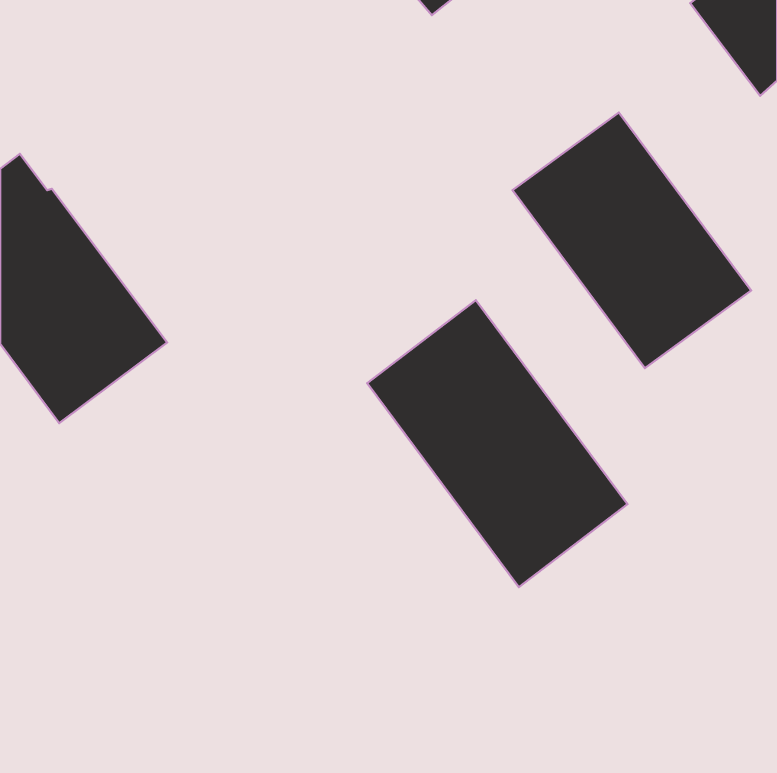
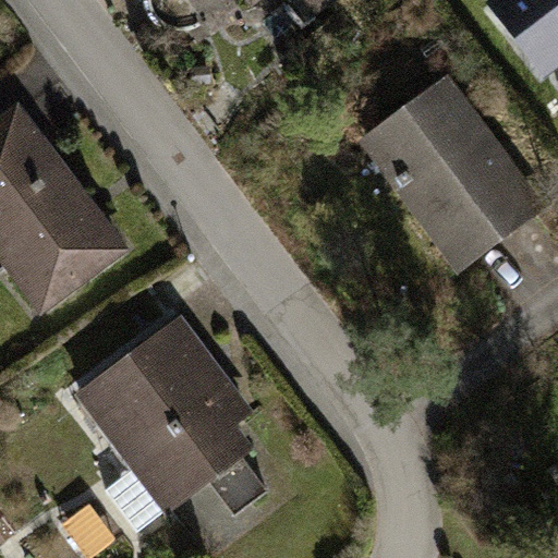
building: [367,300,628,587] -> none
building: none -> [83,319,247,527]

